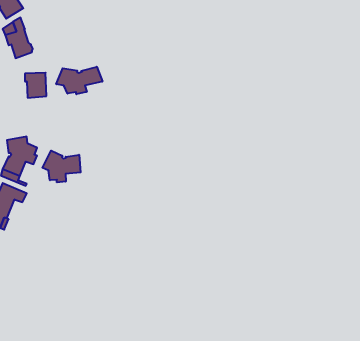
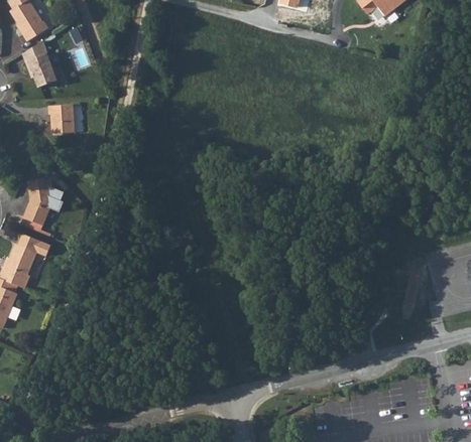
building: [56,67,102,94] -> none
building: [42,151,81,182] -> none

